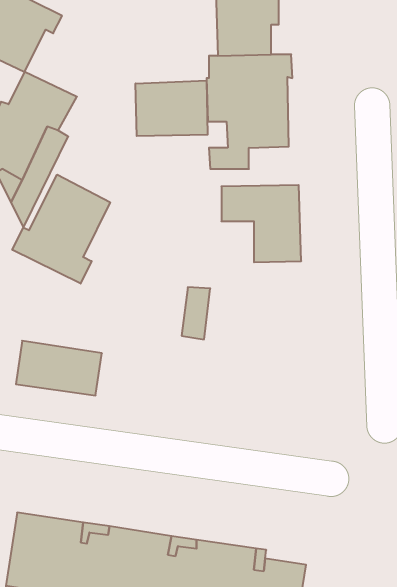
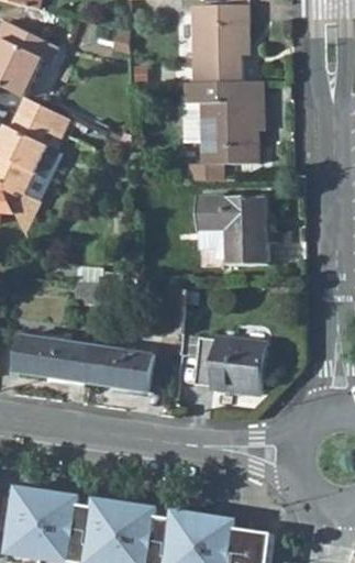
building: [136,81,208,136] -> none
building: [12,175,110,284] -> none
building: none -> [195,334,267,389]
building: none -> [86,345,152,391]

